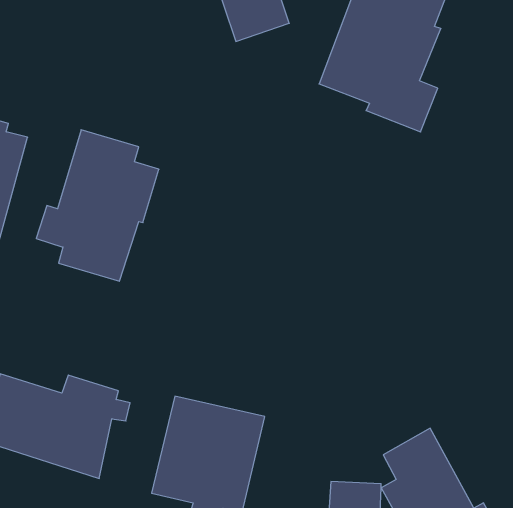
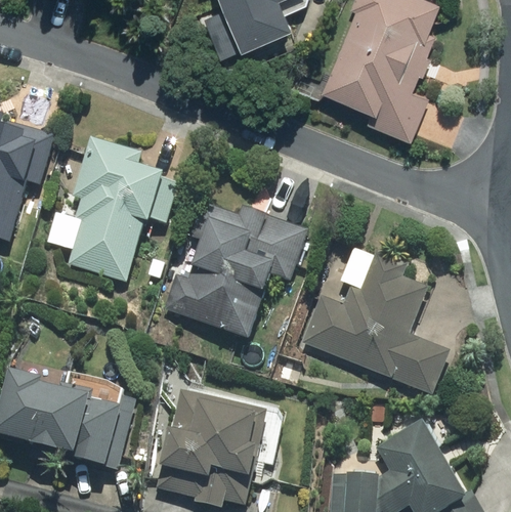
building: none -> [178,207,308,338]
building: none -> [299,234,452,393]

